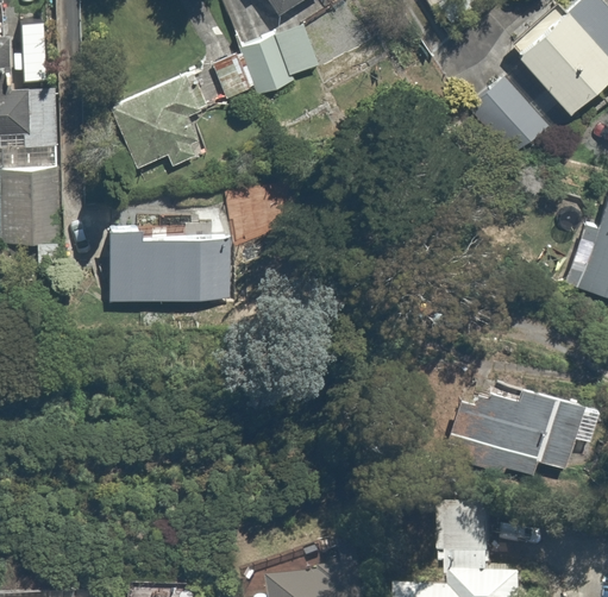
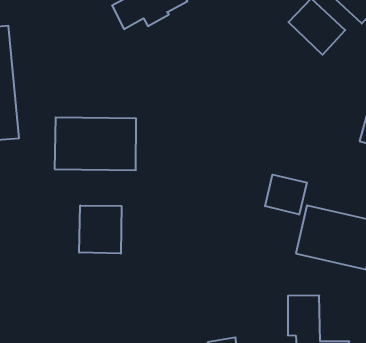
building: [109,70,209,164] -> none
building: none -> [265,175,307,215]
building: none -> [79,205,121,254]

